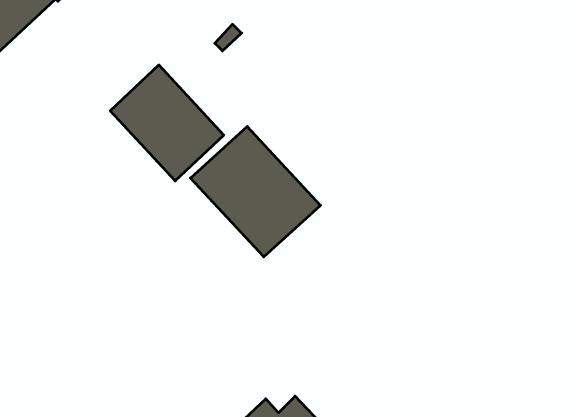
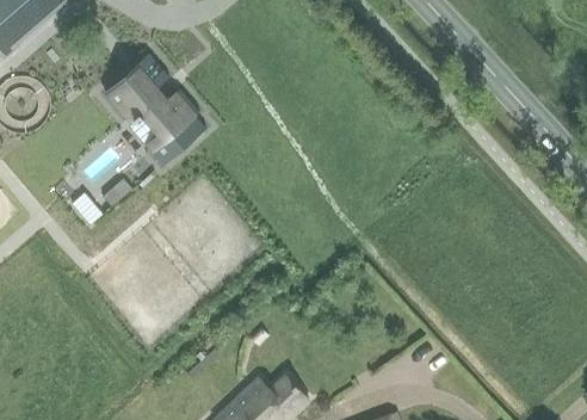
building: [190,126,321,257] -> none

